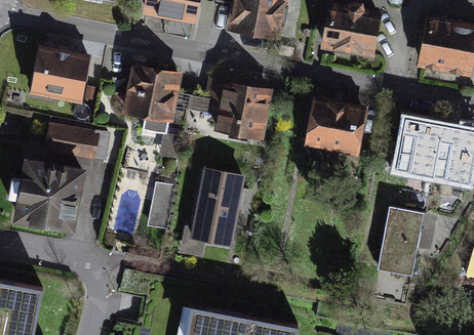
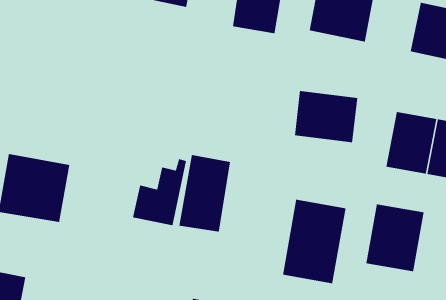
building: [33,47,95,106] -> none
building: [128,70,181,127] -> none
building: [213,83,271,139] -> none
building: [45,123,98,161] -> none
building: none -> [282,199,346,284]

